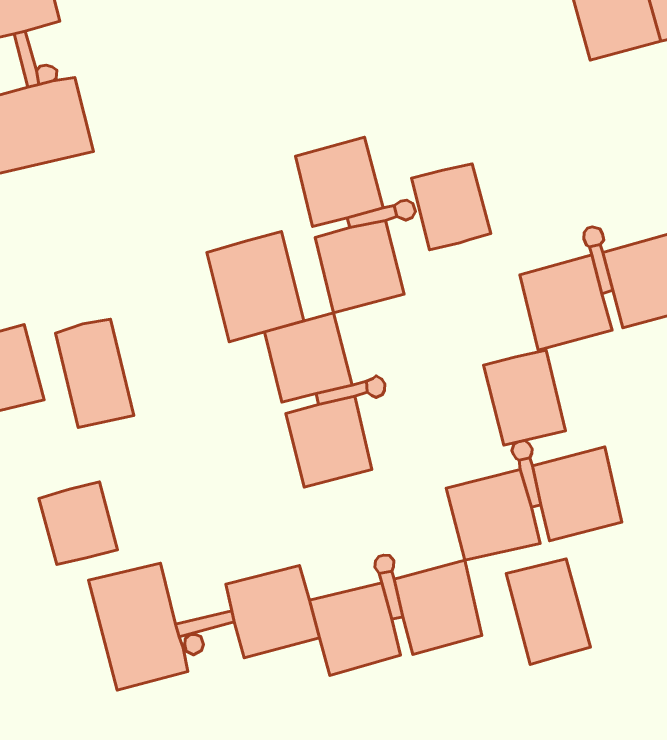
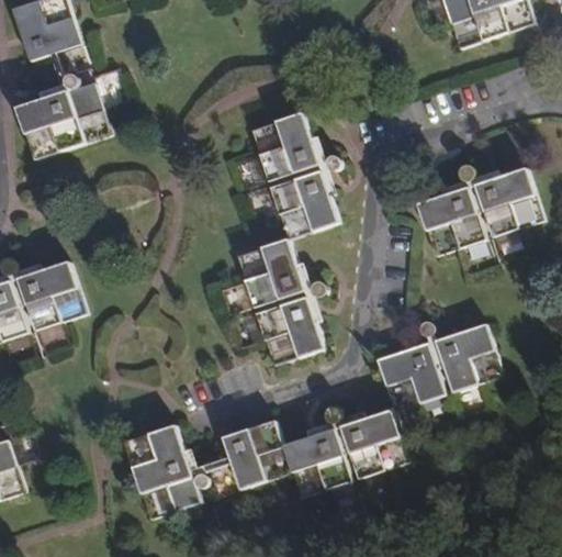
building: [411,164,491,250] -> none
building: [207,232,304,342] -> none
building: [56,319,134,427] -> none
building: [483,350,565,445] -> none
building: [39,482,117,565] -> none
building: [506,559,591,665] -> none

